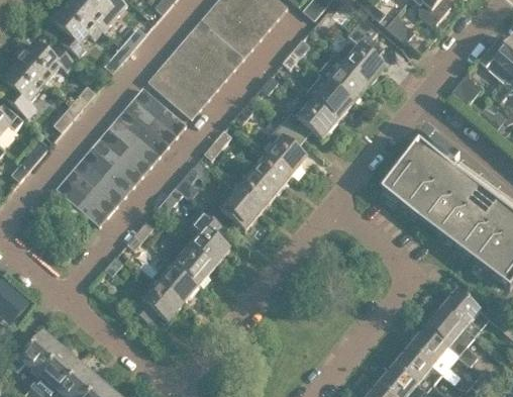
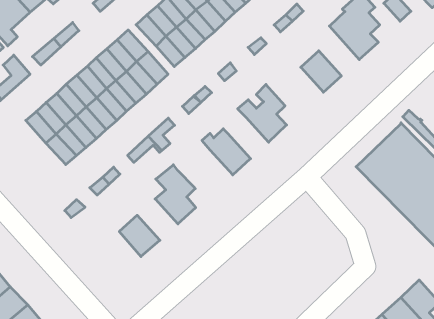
building: [324,56,370,103] -> none
building: [283,94,339,140] -> none
building: [252,156,293,195] -> none
building: [209,192,263,231] -> none
building: [176,246,216,286] -> none
building: [133,283,185,323] -> none

